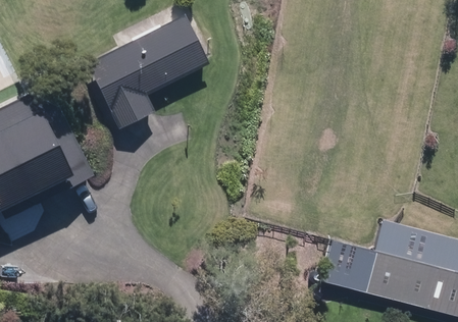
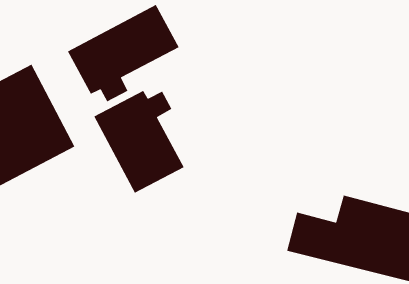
building: none -> [93,90,185,194]

